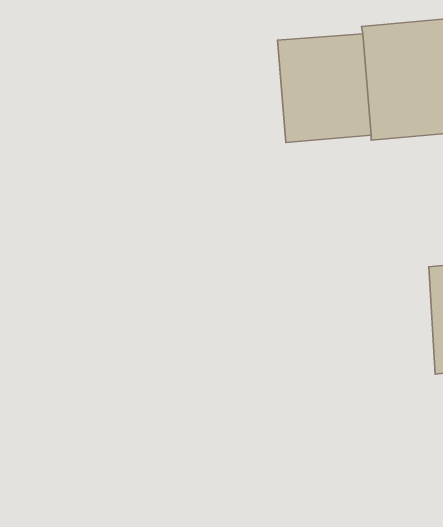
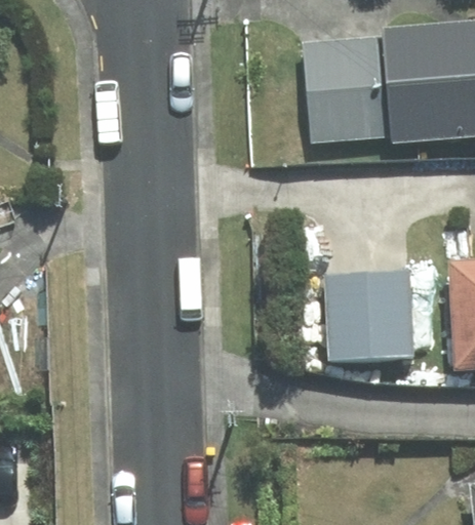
building: none -> [325,272,412,359]

